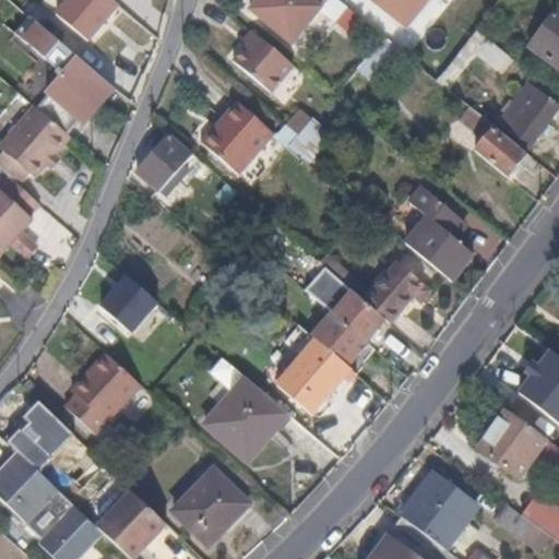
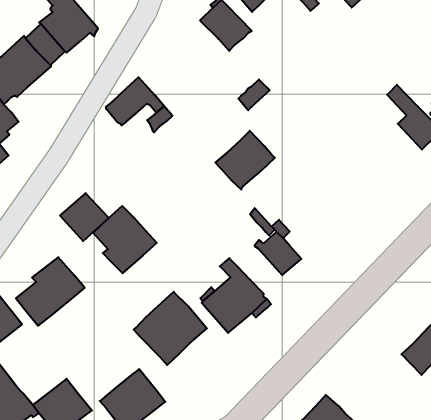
building: [202,100,270,169] -> [215,131,275,190]
building: [404,187,474,282] -> none
building: [373,263,429,313] -> none
building: none -> [93,206,157,273]
building: [312,313,367,368] -> none
building: [476,408,546,479] -> none

